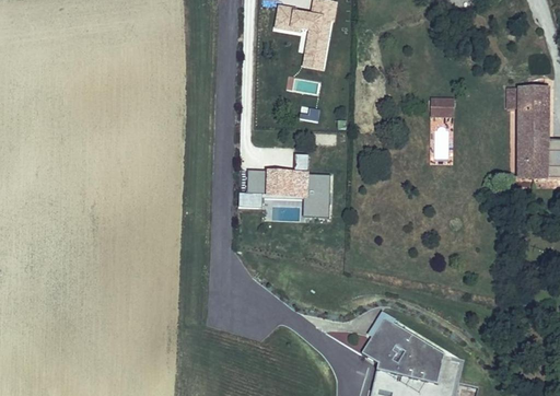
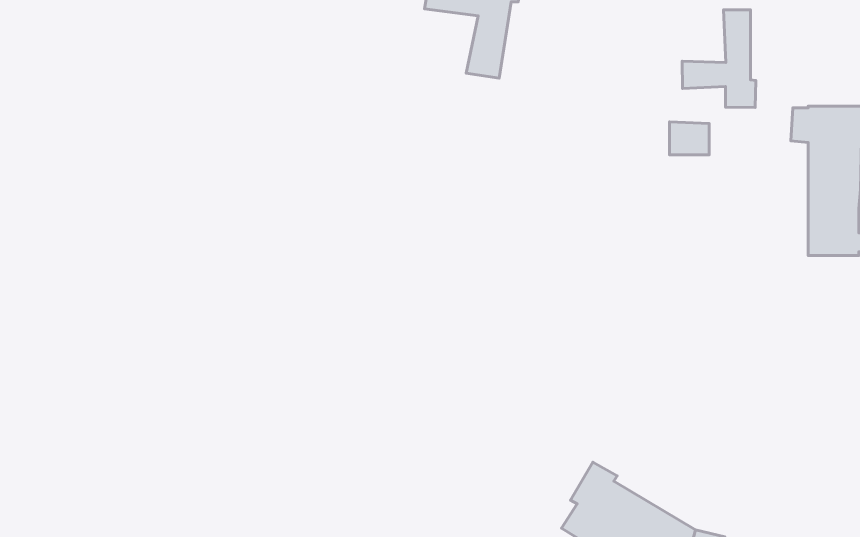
building: none -> [682,10,756,108]
building: [246,170,331,218] -> none

